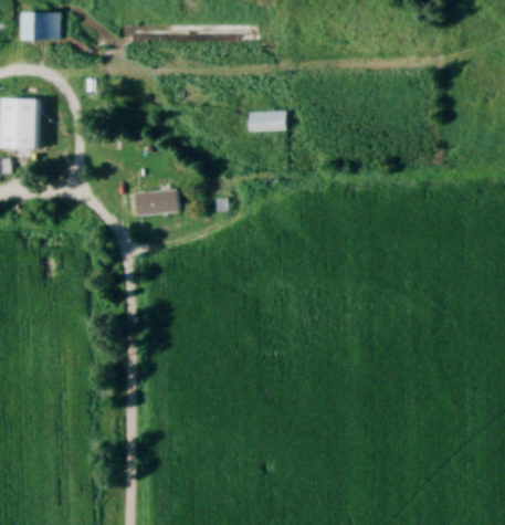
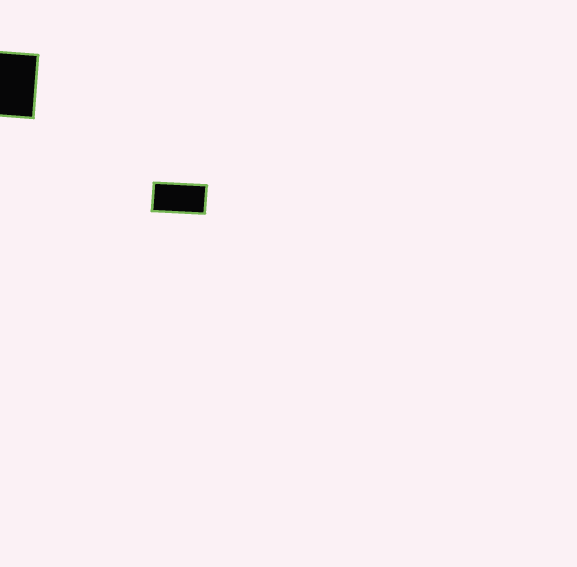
building: [249,112,286,132] -> none

